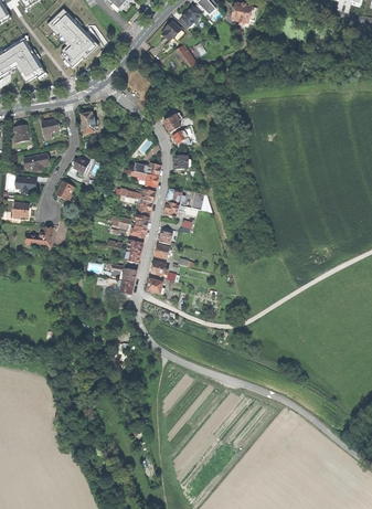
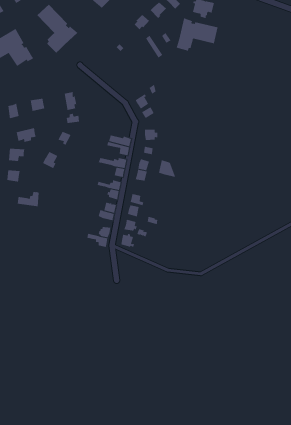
building: none -> [176,18,218,52]

